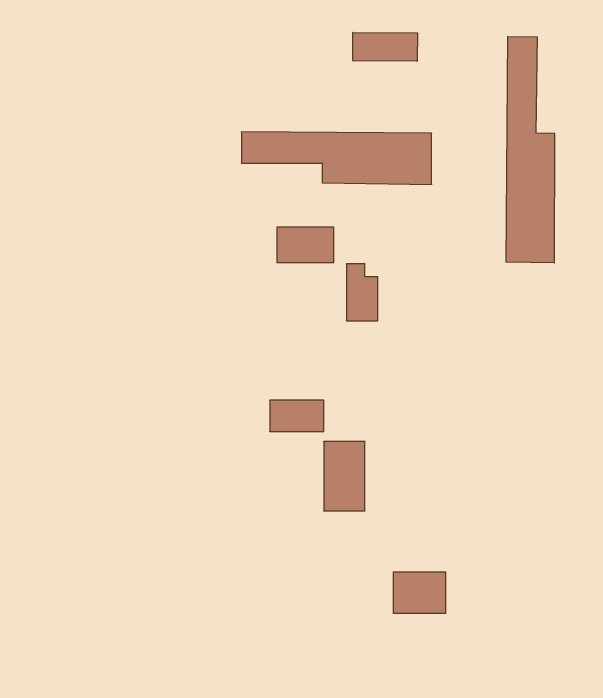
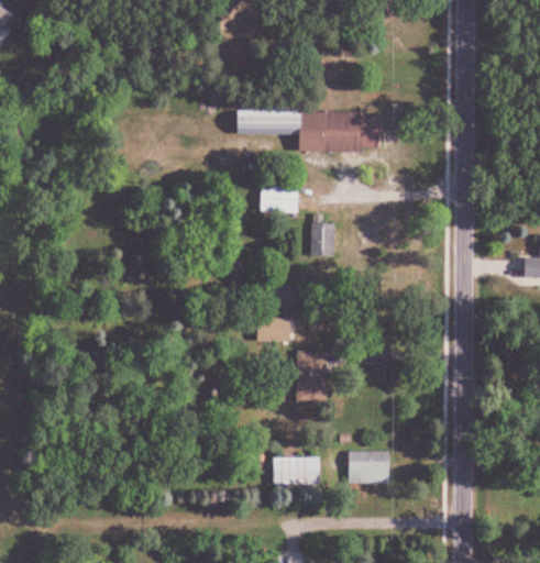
building: [353,32,418,61] -> none
building: [506,36,555,263] -> none
building: none -> [271,456,324,484]

